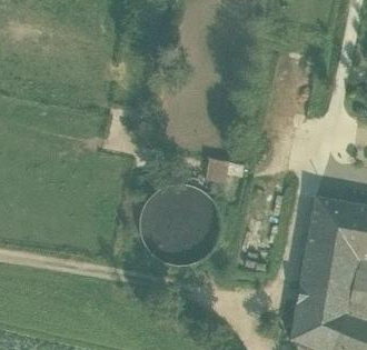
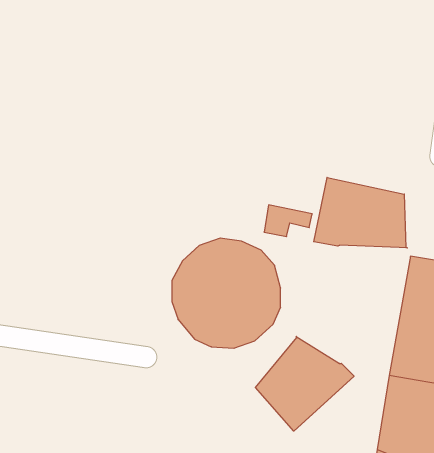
building: none -> [314,177,407,248]
building: none -> [255,336,354,431]

